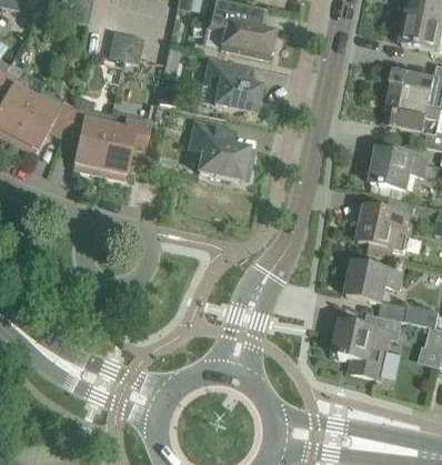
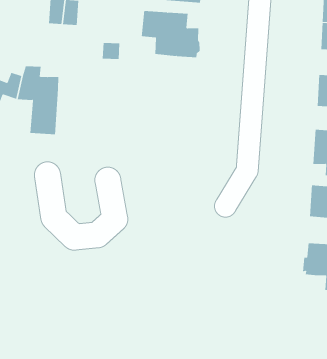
building: [99,109,150,176] -> none
building: [191,121,254,180] -> none

